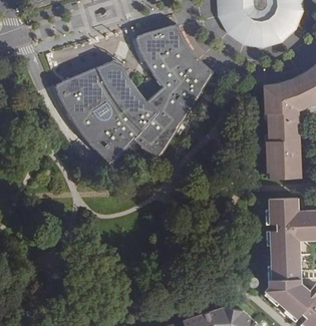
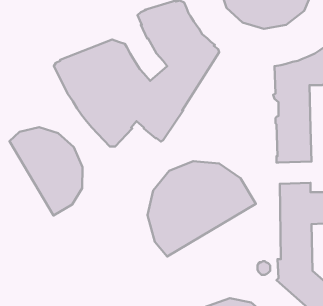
building: none -> [9,127,82,216]
building: none -> [148,161,256,256]

